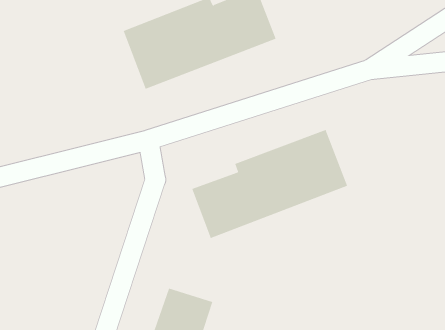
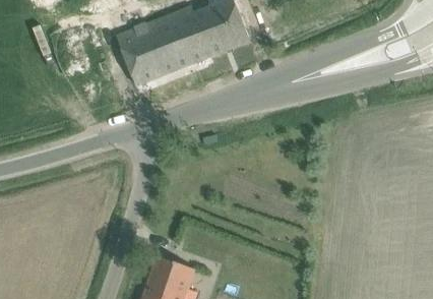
building: [191,129,348,239] -> none

